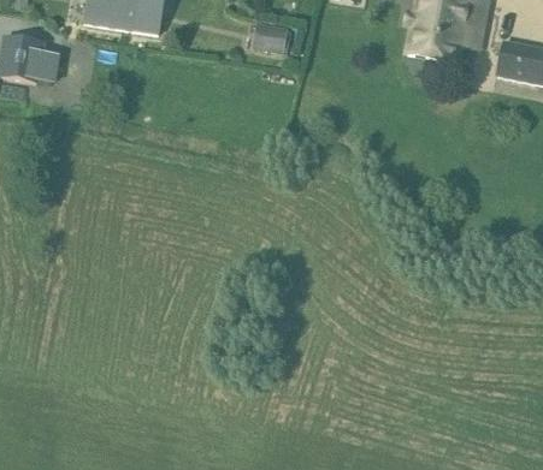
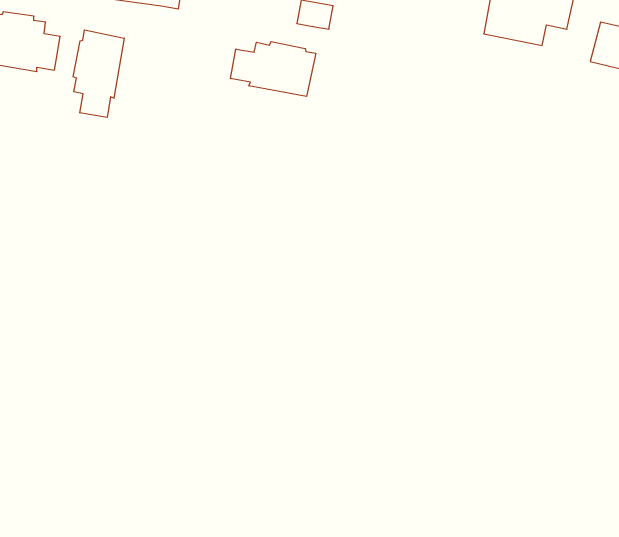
building: none -> [73,30,124,117]
building: none -> [231,42,316,96]

